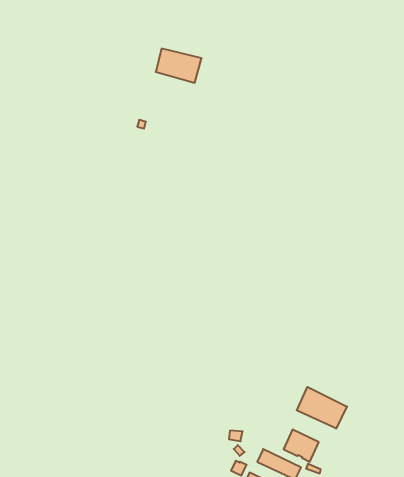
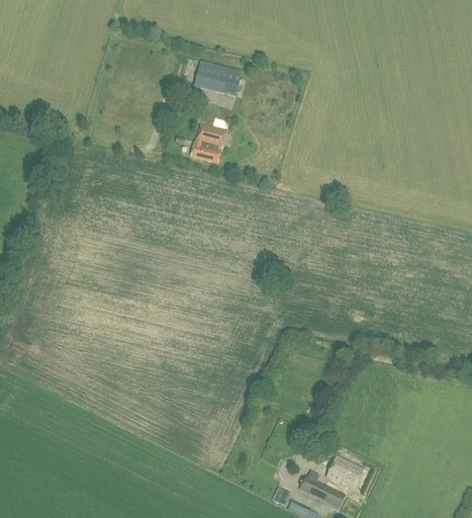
building: none -> [190,122,226,162]
building: [297,387,347,429] -> none

